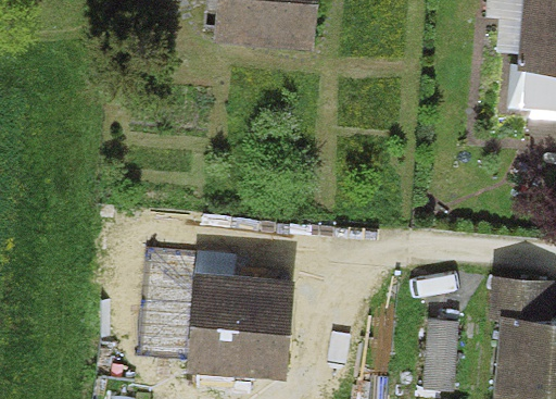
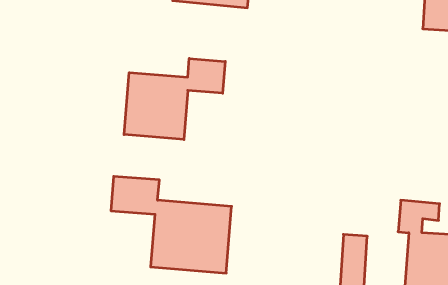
building: none -> [124,58,225,140]

